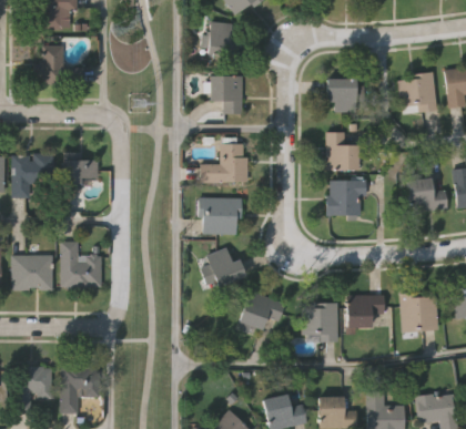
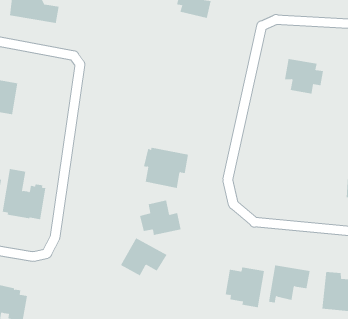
building: [204,76,244,114] -> none
building: [325,132,358,171] -> none
building: [200,136,247,184] -> none
building: [65,151,101,192] -> none
building: [326,177,366,218] -> none
building: [241,289,287,328] -> [120,237,168,276]

